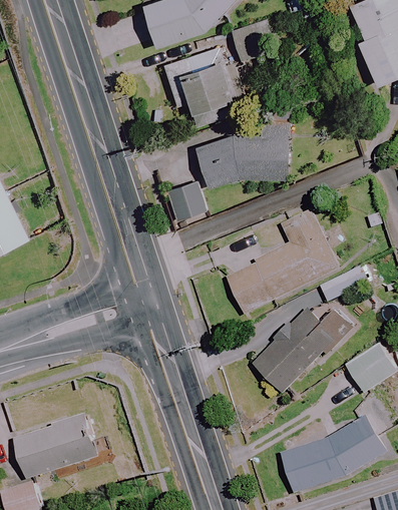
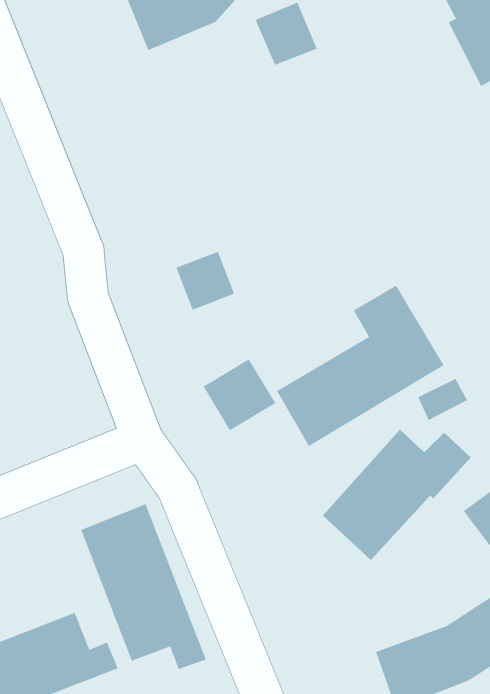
building: [162,47,242,113] -> none
building: [194,130,287,185] -> none
building: none -> [203,358,276,431]
building: none -> [81,503,206,670]

